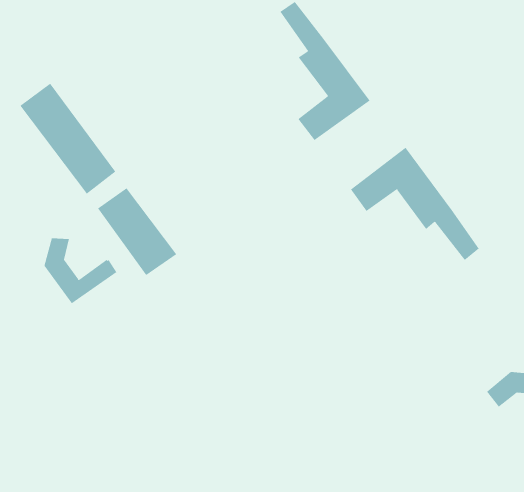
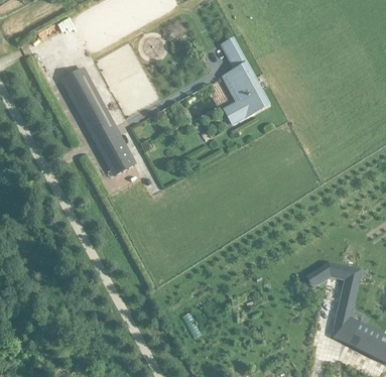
building: [350,147,480,261] -> none
building: [44,237,117,304] -> none

